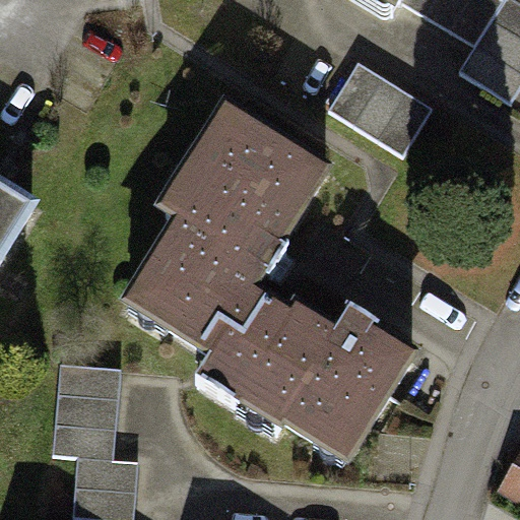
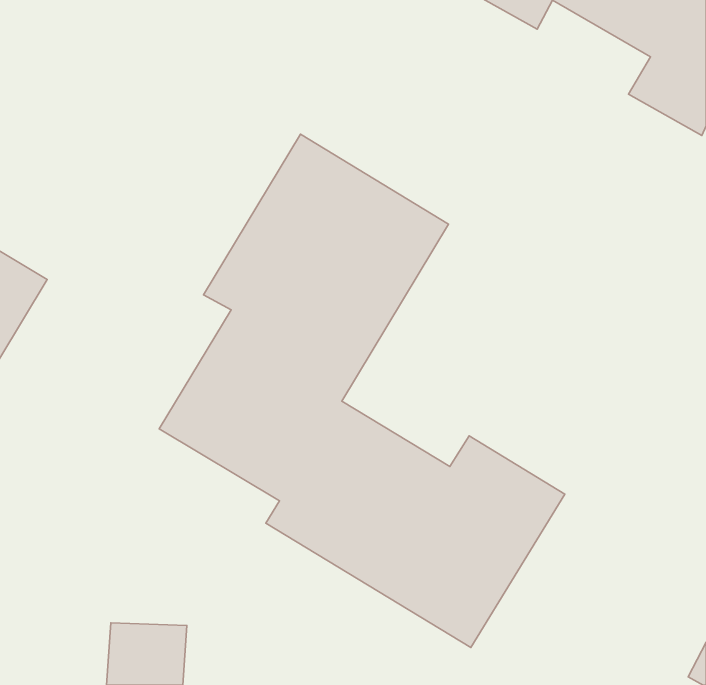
building: [333,57,437,150] -> none
building: [59,366,117,453] -> none

